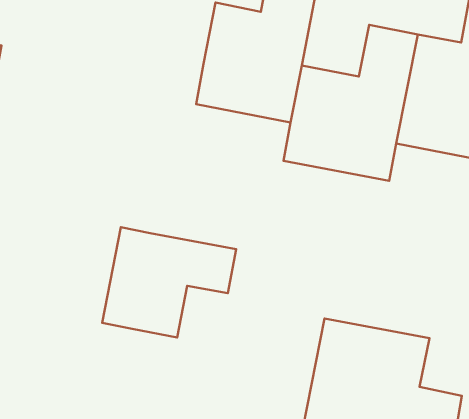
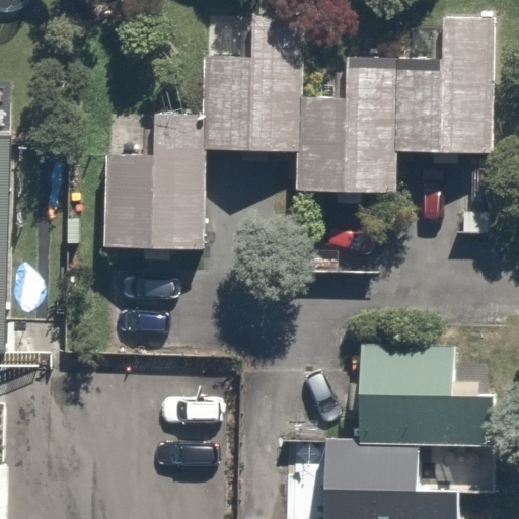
building: none -> [95,113,203,256]
building: [102,227,236,337] -> none

